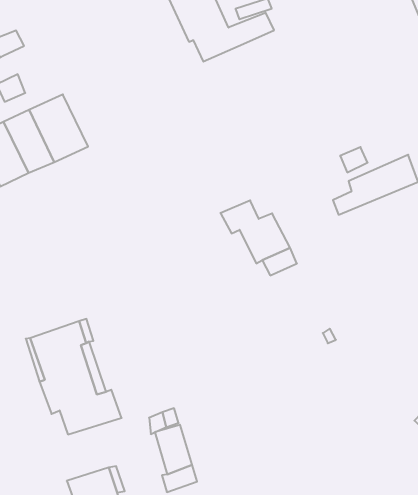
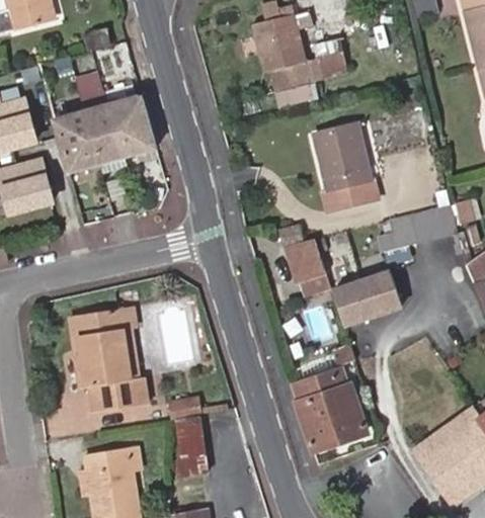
building: none -> [275,77,320,107]
building: none -> [313,123,378,209]
building: none -> [336,278,403,330]
building: none -> [292,368,365,449]

